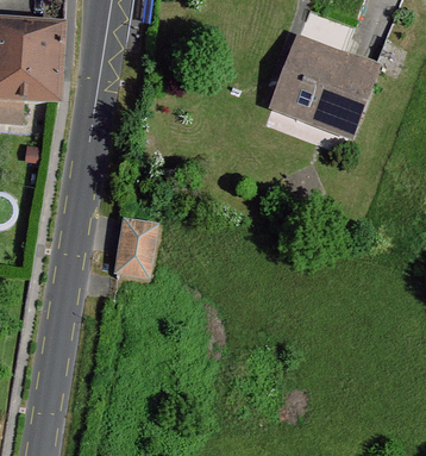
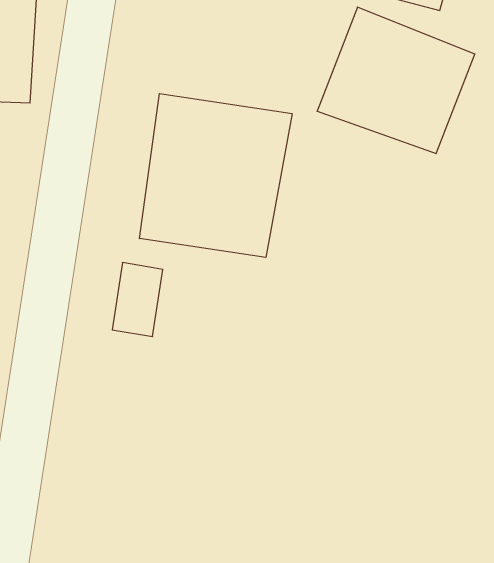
building: none -> [139,94,292,257]

